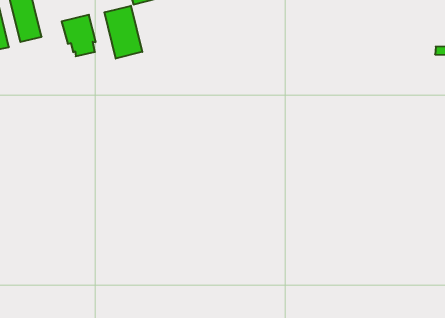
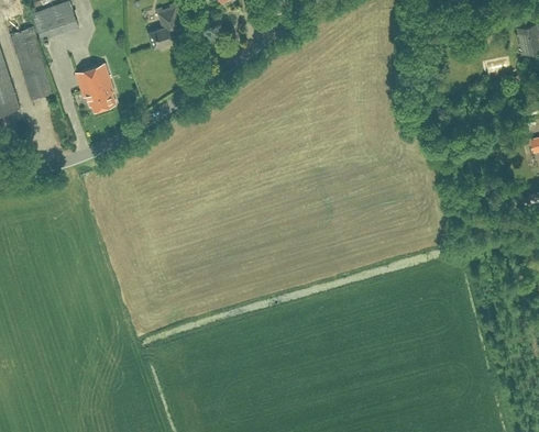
building: [104,6,142,59] -> none

